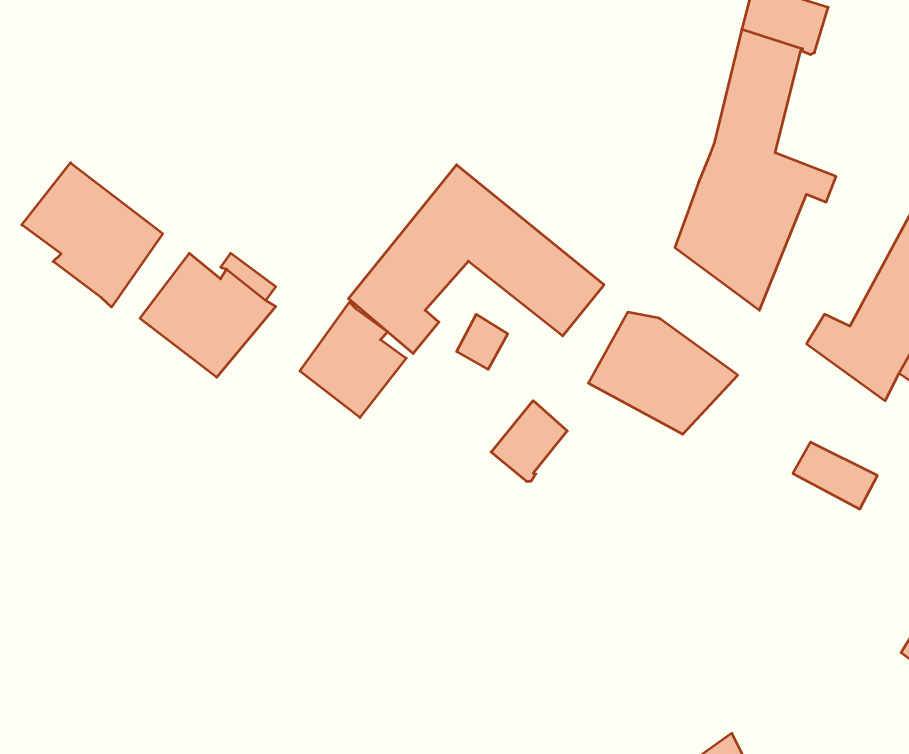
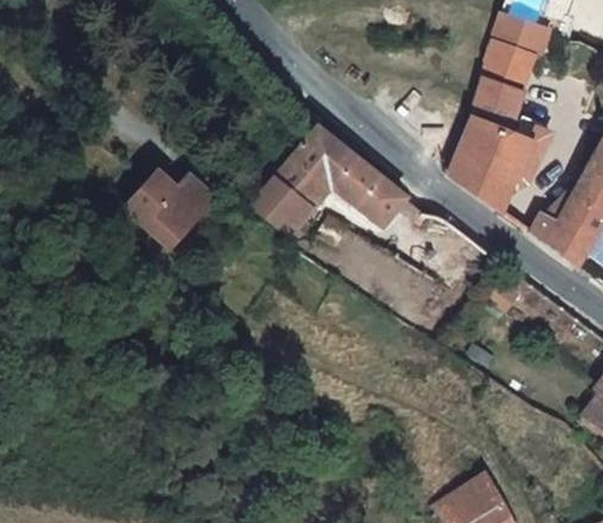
building: [22,163,163,307] -> none
building: [300,302,406,418] -> none
building: [491,401,567,482] -> none

